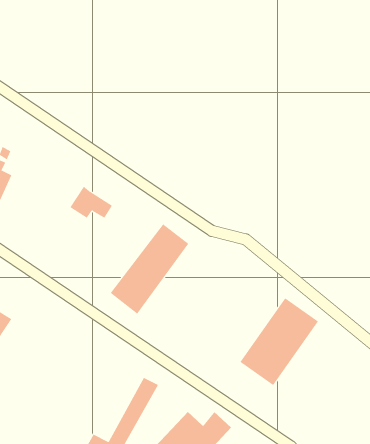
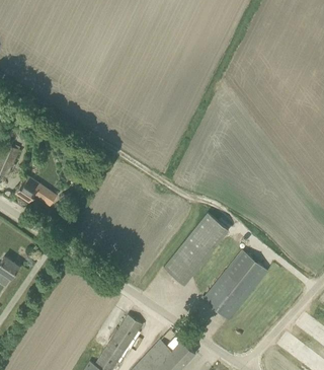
building: [69,186,114,219] -> [16,175,52,202]
building: [110,224,189,314] -> [161,213,225,286]

